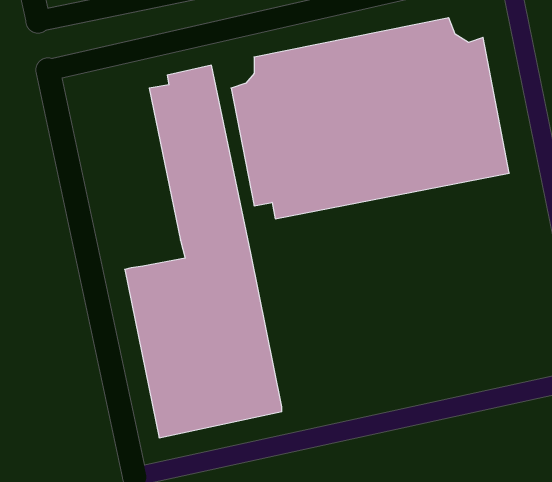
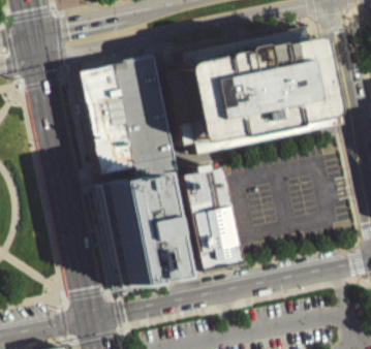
building: none -> [76,66,133,177]
building: none -> [178,167,239,275]

